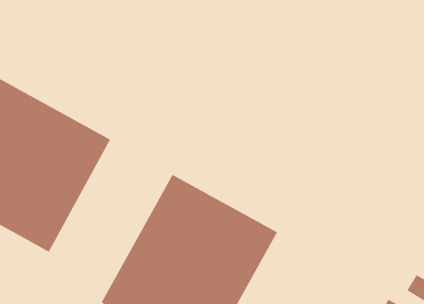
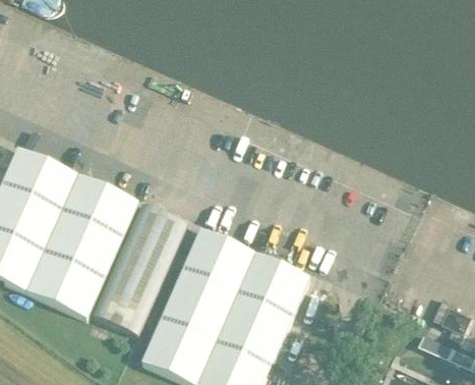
building: none -> [93,203,187,334]

